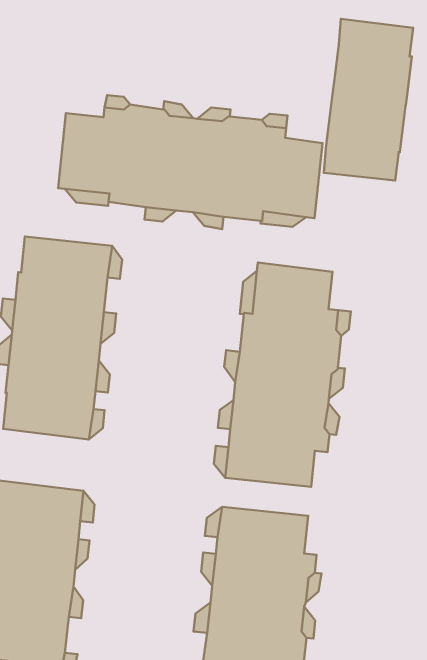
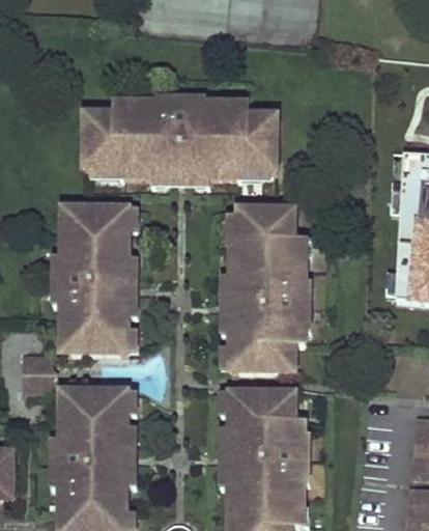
building: [324,19,413,180] -> none

